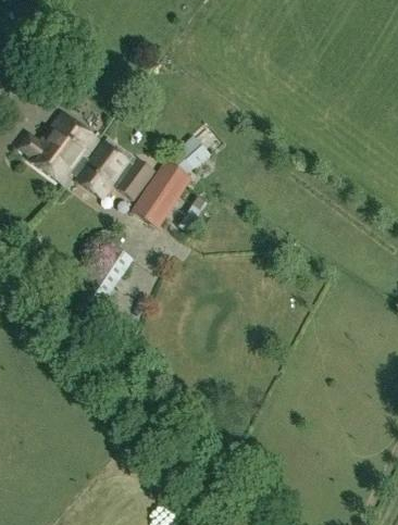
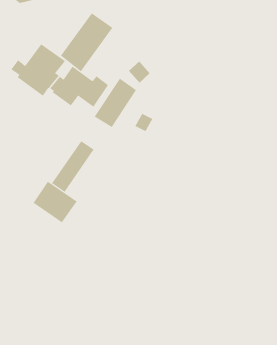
building: none -> [60,12,113,72]
building: none -> [33,181,77,223]

